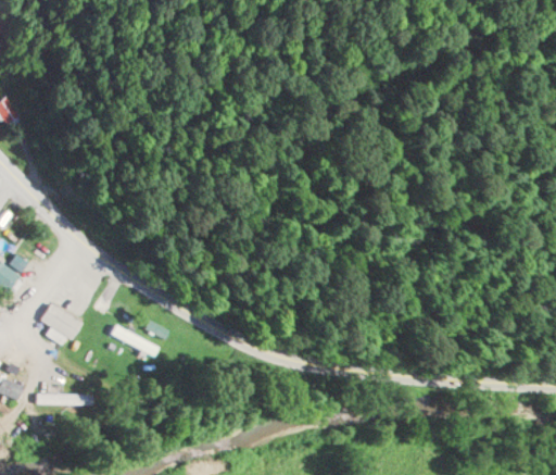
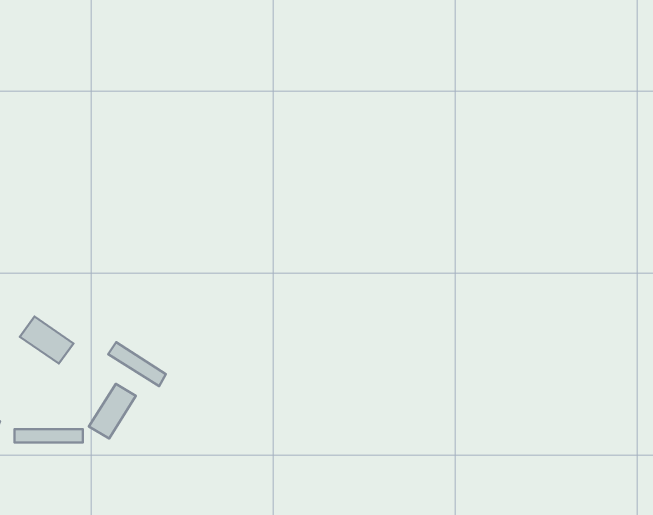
building: none -> [89,384,136,438]

